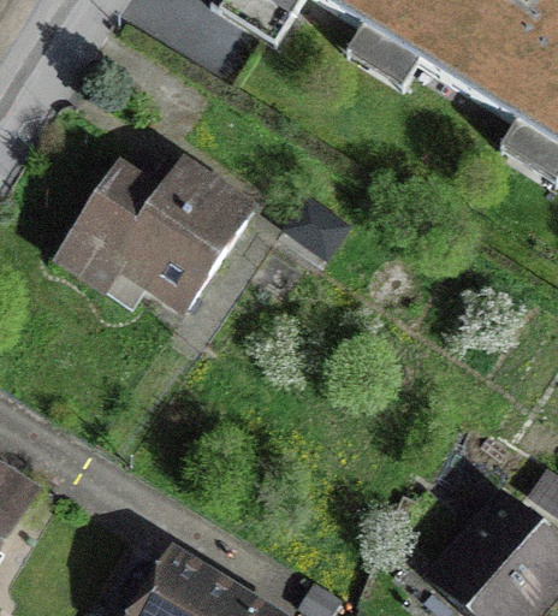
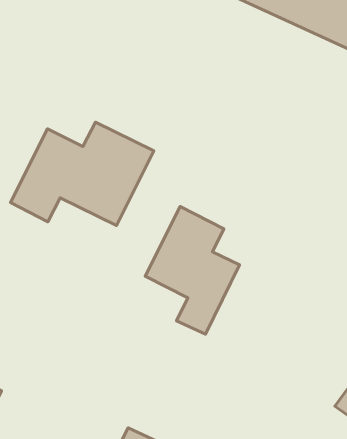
building: none -> [145,206,240,334]

